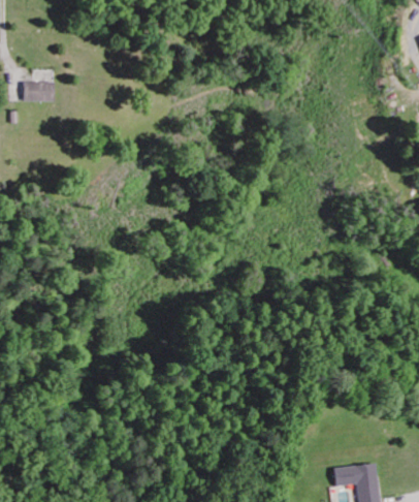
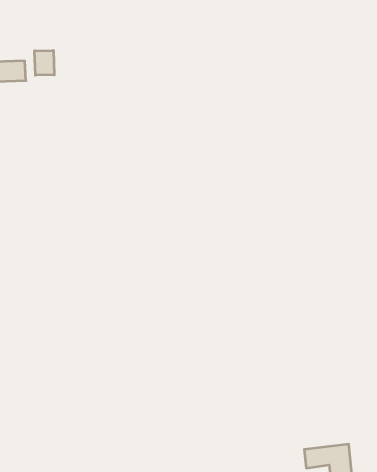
building: none -> [35,50,54,75]

